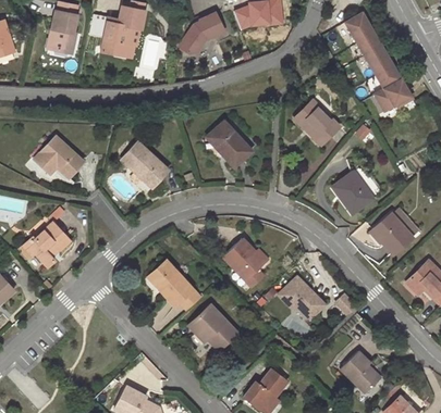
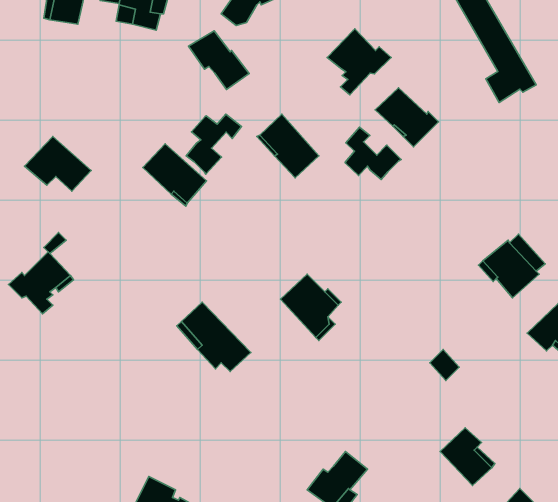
building: none -> [327,29,391,95]
building: none -> [188,31,249,89]
building: none -> [186,114,241,174]
building: none -> [345,127,401,180]
building: [332,172,372,213] -> none
building: [278,275,324,318] -> none
building: [187,304,237,351] -> none

